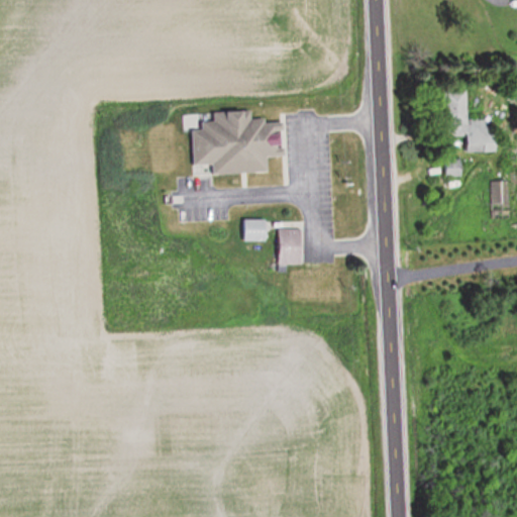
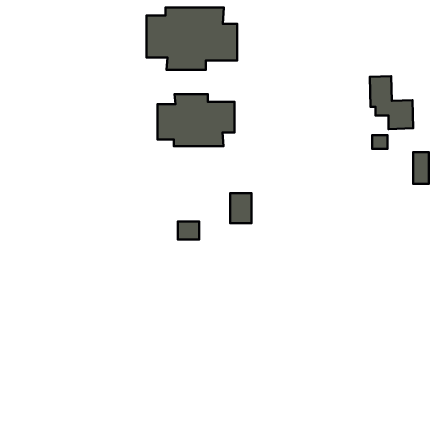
building: none -> [146,7,237,70]
building: [241,219,267,240] -> [178,221,199,239]

